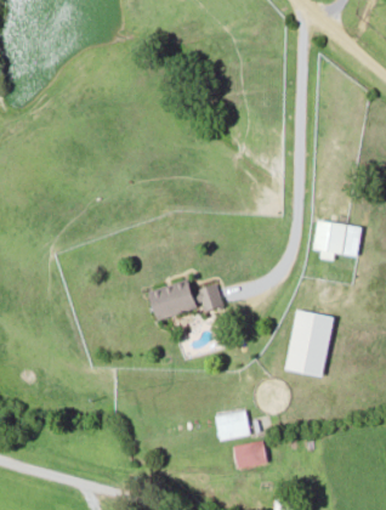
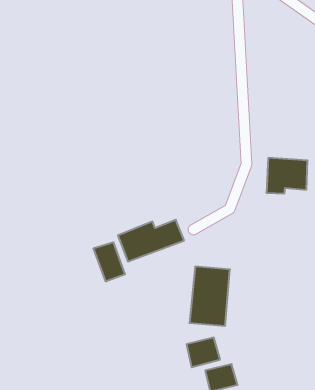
building: none -> [94,242,125,282]
building: [285,310,334,376] -> [189,267,230,326]

